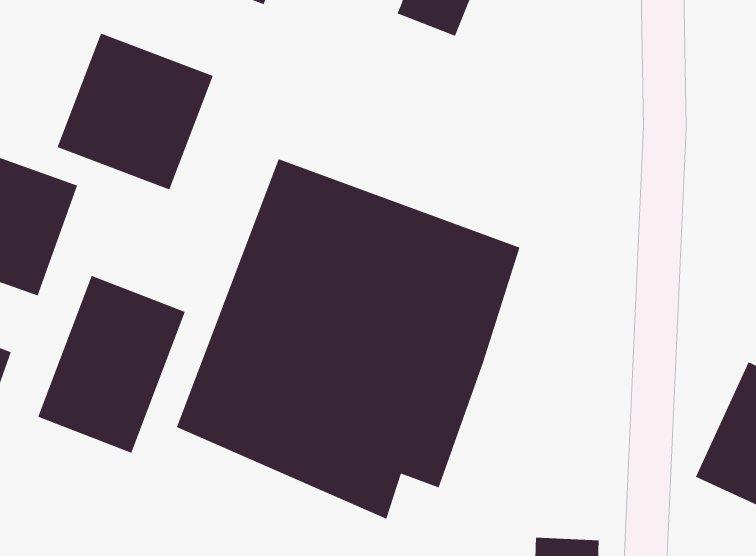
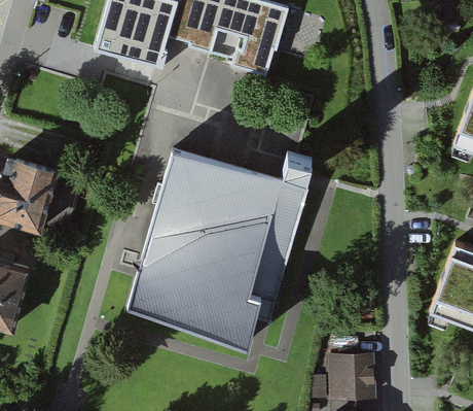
building: [56,33,214,190] -> none
building: [37,275,186,454] -> none

